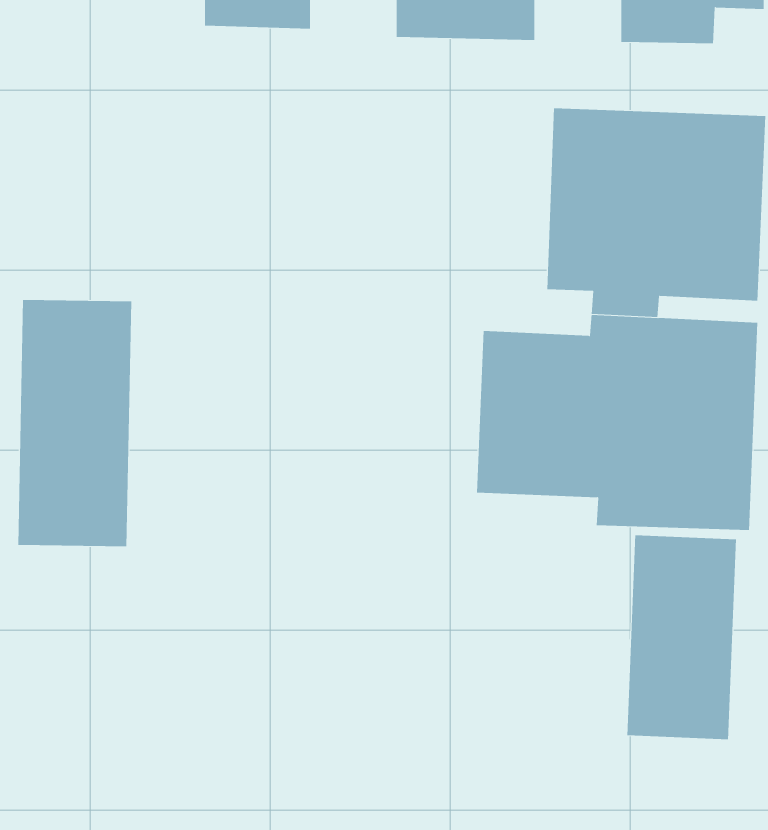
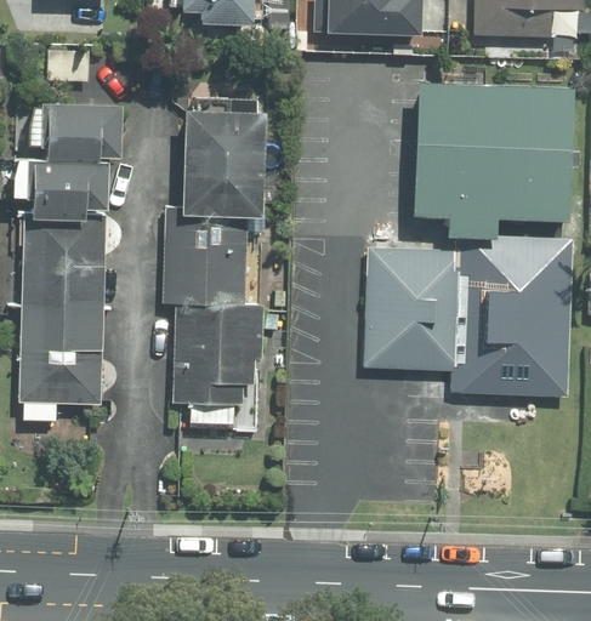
building: none -> [41,109,126,220]
building: none -> [166,118,269,405]
building: [627,534,736,740] -> none

